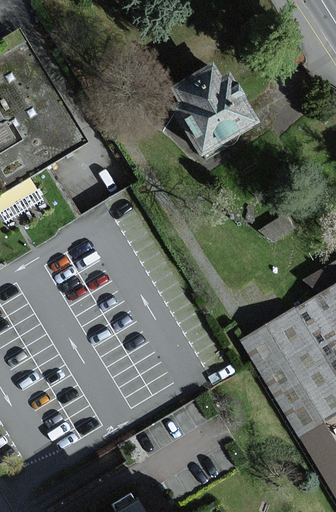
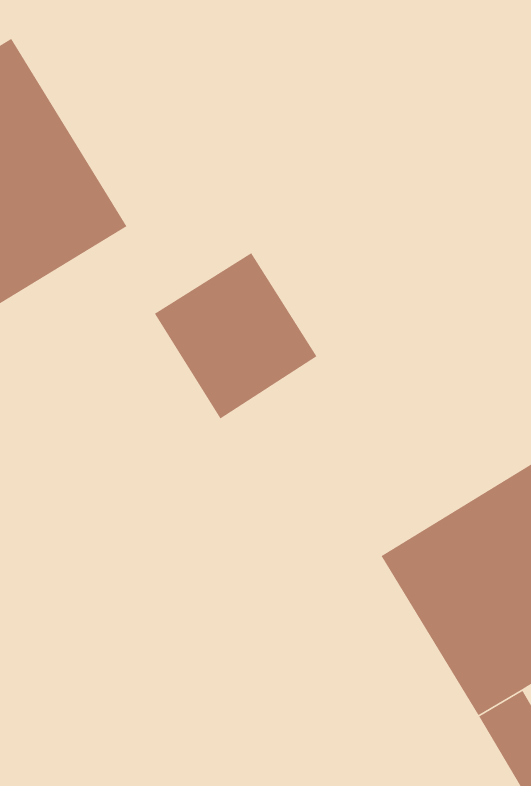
building: [163,59,262,160] -> [154,252,318,419]

